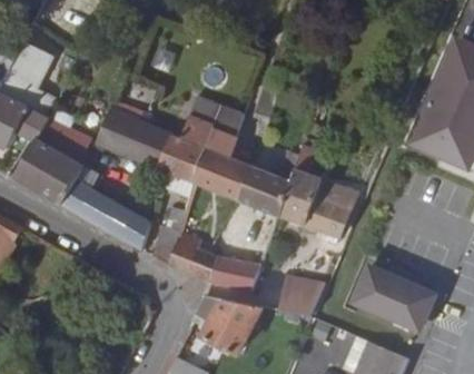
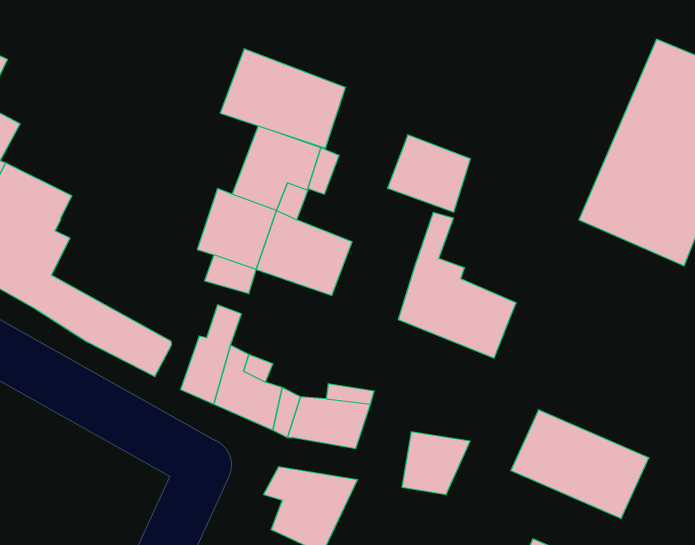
building: [98,109,174,169] -> [220,49,346,148]
building: [243,165,293,211] -> [387,135,470,212]

